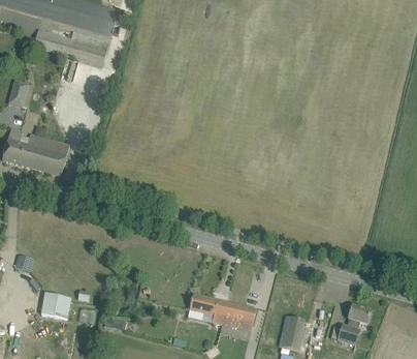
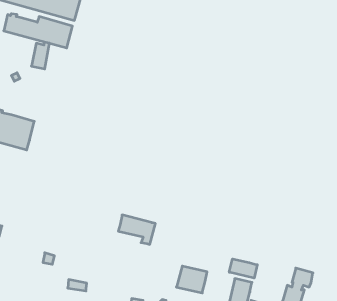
building: [40,292,70,319] -> none
building: [188,293,228,325] -> [118,215,155,244]
building: none -> [229,259,257,278]

